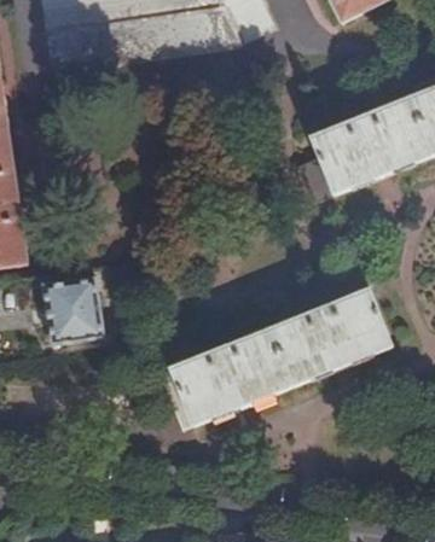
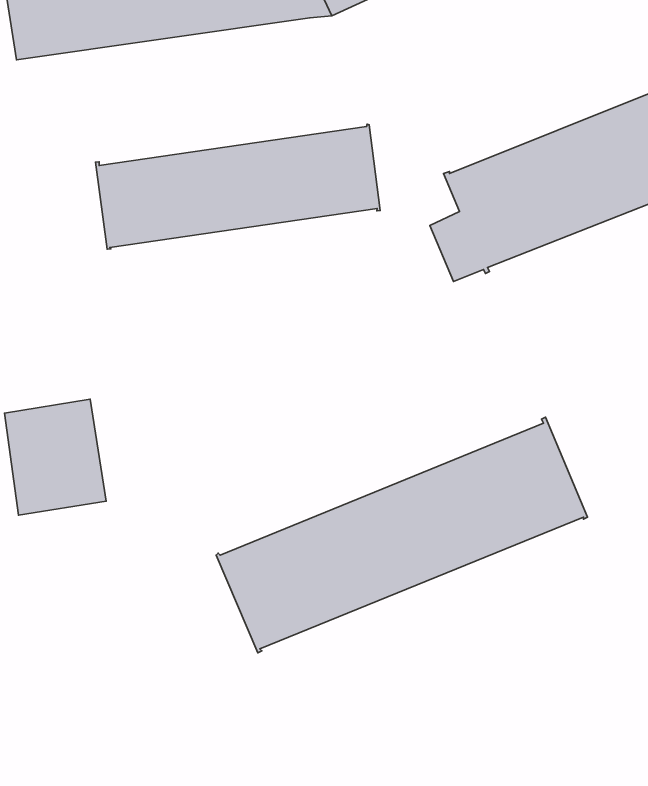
building: none -> [96,124,380,249]

